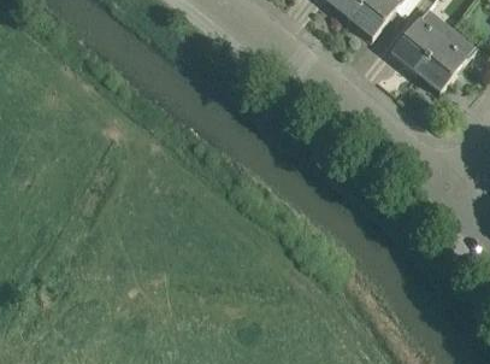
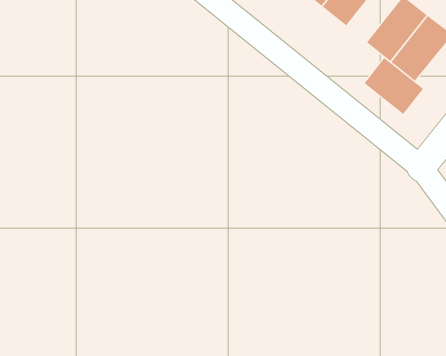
building: none -> [364,57,424,115]

